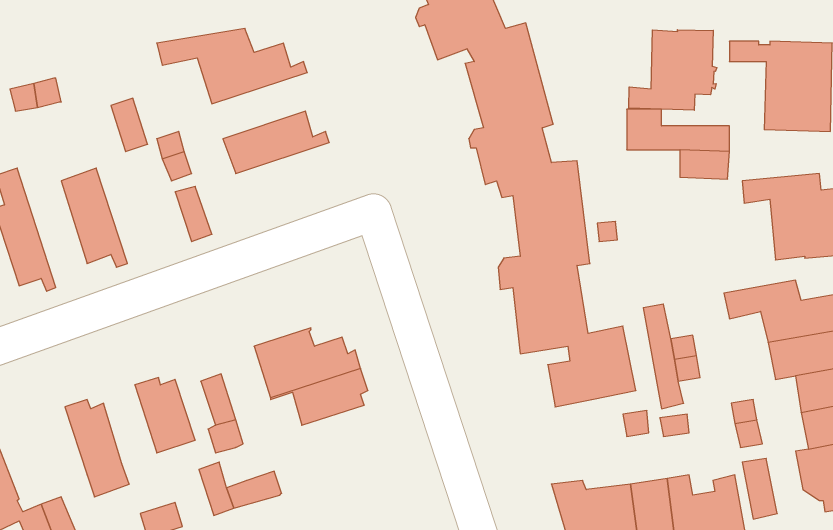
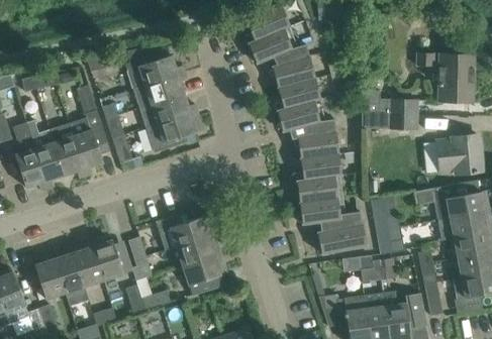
building: [629,30,717,110] -> none
building: none -> [132,71,187,107]
building: none -> [145,109,200,152]
building: none -> [69,117,103,176]
building: none -> [25,120,64,189]
building: none -> [73,242,102,286]
building: none -> [182,253,227,295]
building: none -> [34,254,64,298]

